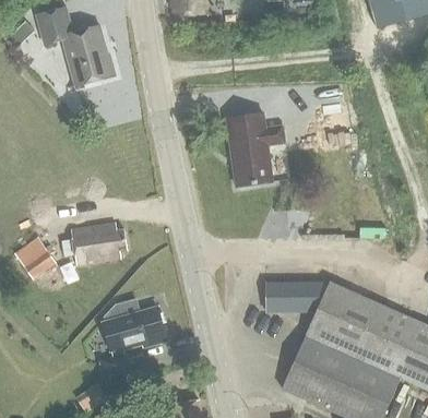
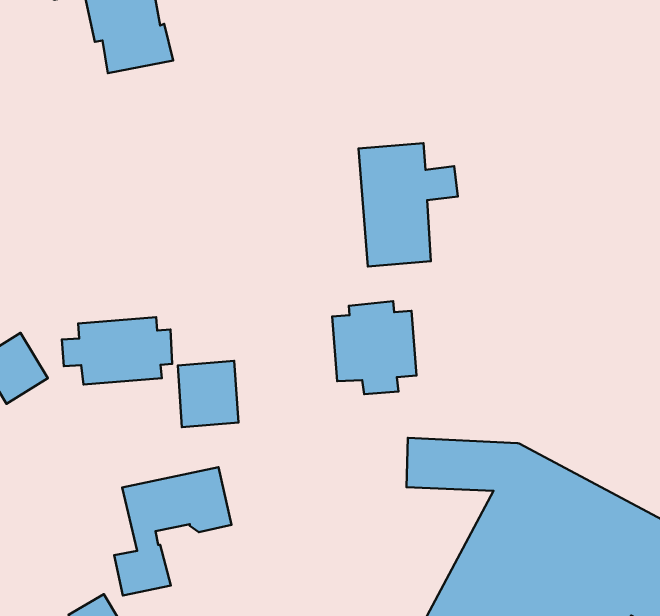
building: none -> [332,301,416,394]
building: none -> [178,361,239,427]

